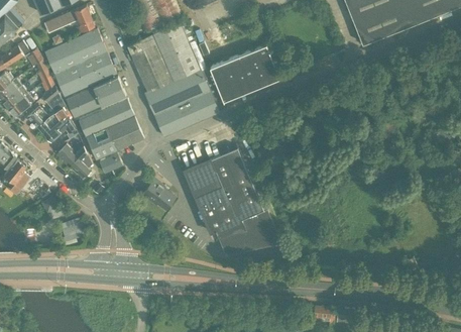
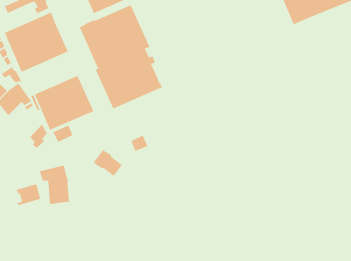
building: [201,43,279,102] -> none
building: [66,76,125,117] -> none
building: [55,143,87,167] -> none
building: [195,147,280,254] -> none
building: none -> [39,164,70,205]

